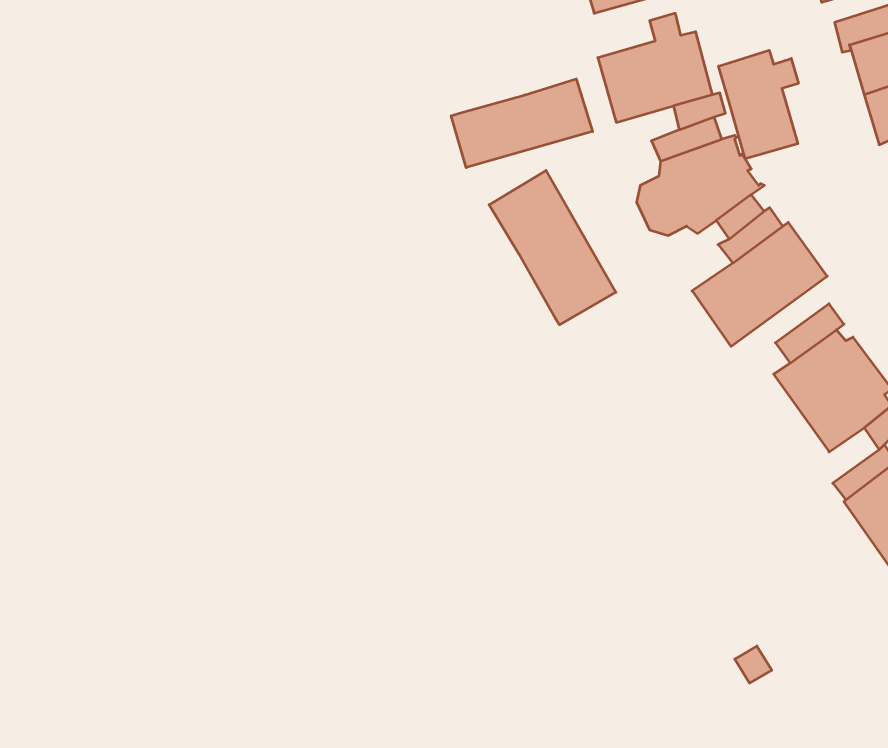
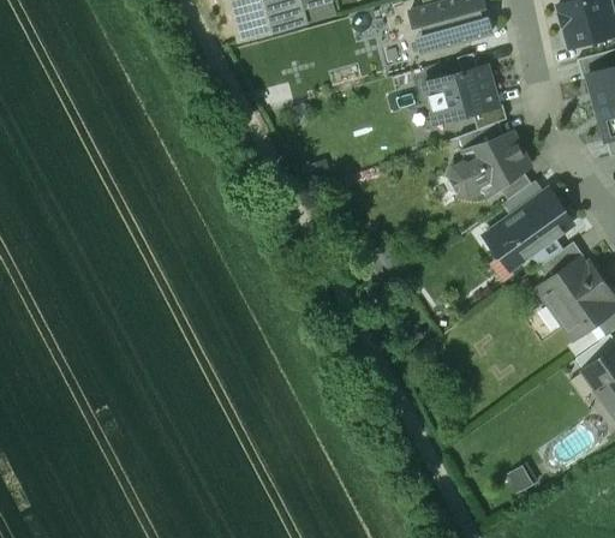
building: [719,50,798,159] -> none
building: [451,79,593,168] -> none
building: [489,170,616,325] -> none

